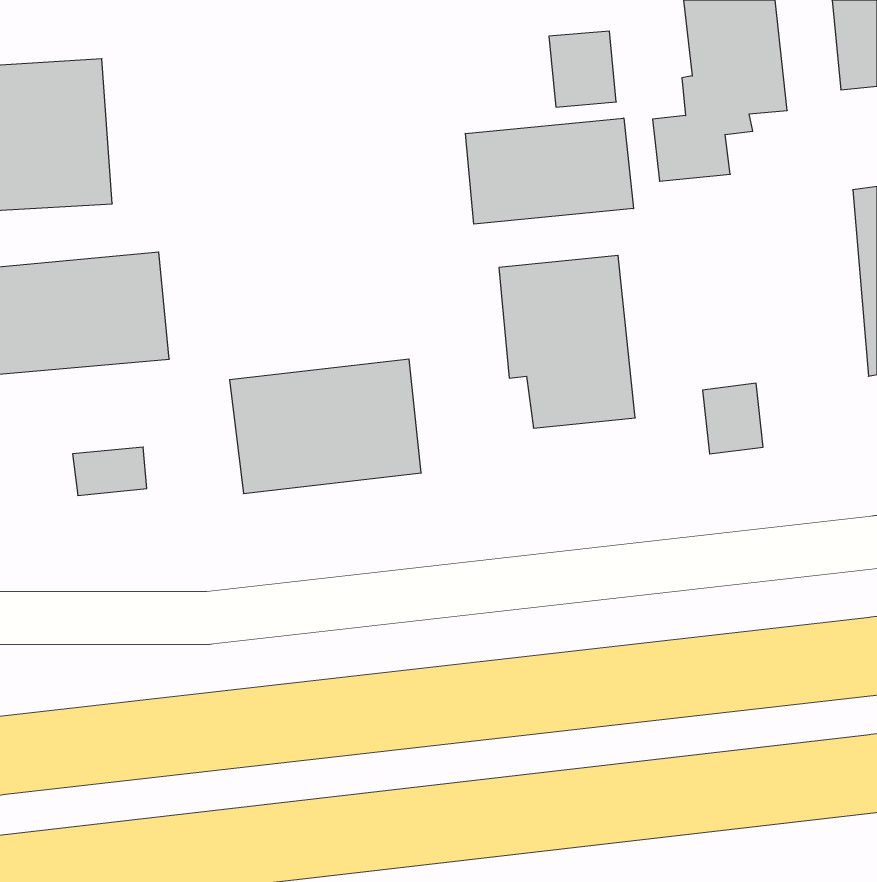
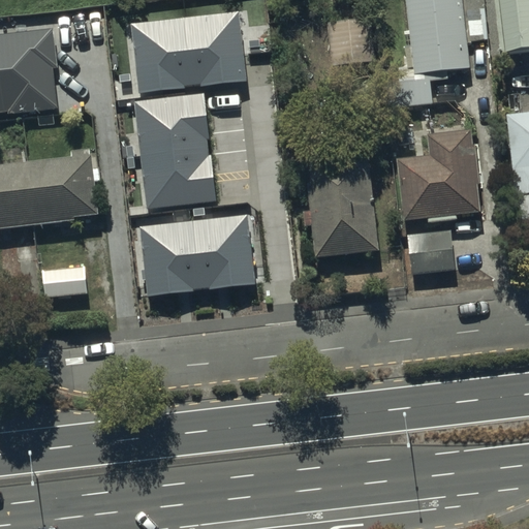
building: none -> [128,12,242,93]
building: [465,118,634,224] -> none
building: none -> [131,93,212,208]
building: none -> [400,129,484,220]

